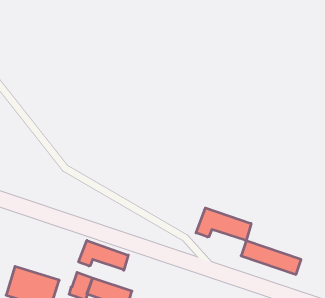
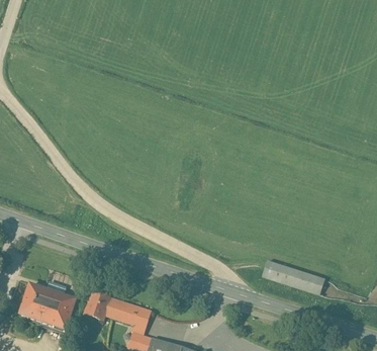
building: [196,208,251,241] -> none
building: [79,240,128,270] -> none

